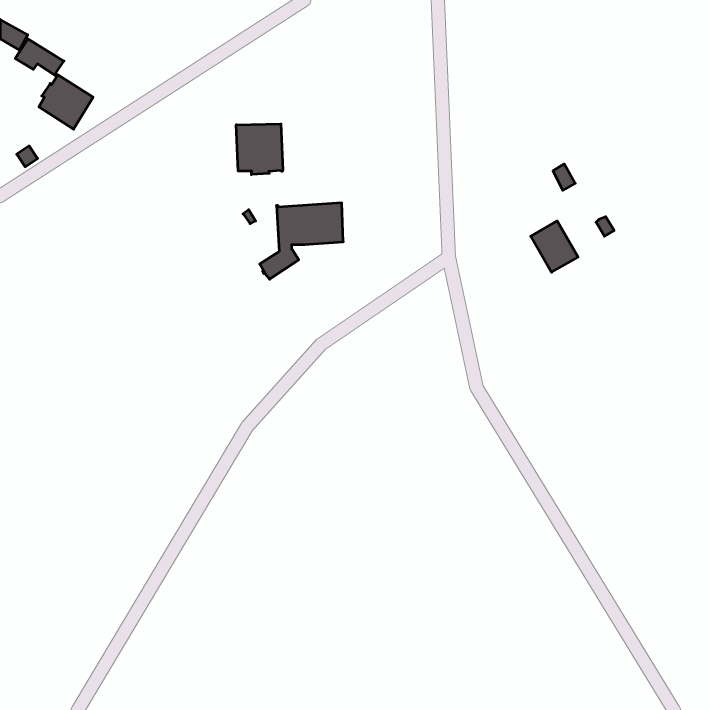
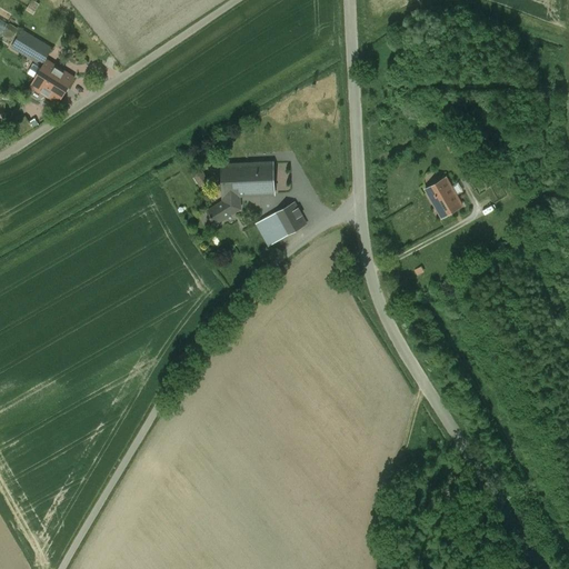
building: [236,124,283,175] -> none
building: none -> [257,202,306,246]

